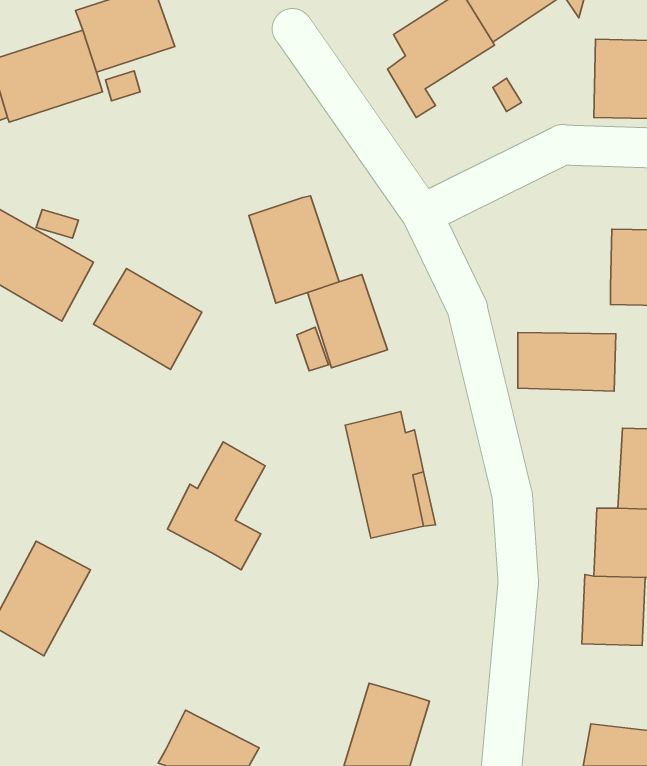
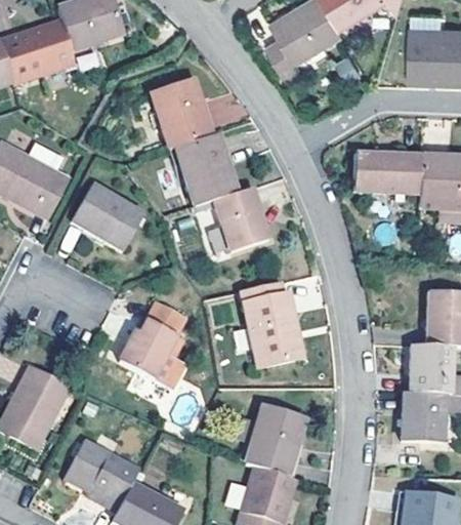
building: none -> [151,77,212,149]
building: [518,332,616,391] -> [355,155,422,195]
building: none -> [250,405,305,474]
building: none -> [66,439,140,510]

